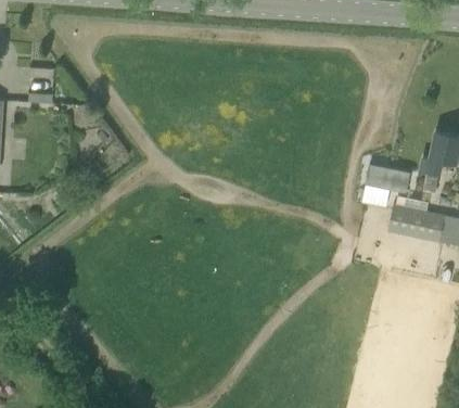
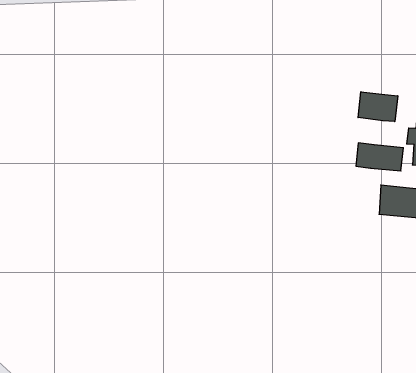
building: none -> [358,92,398,122]

